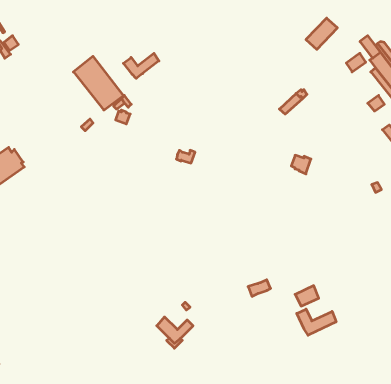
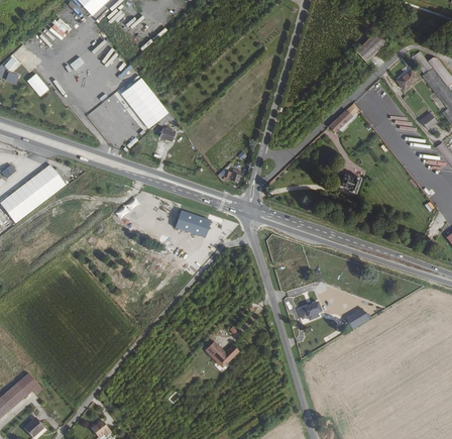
building: [123,53,159,78] -> none
building: none -> [174,211,209,238]
building: [297,309,336,335] -> none

